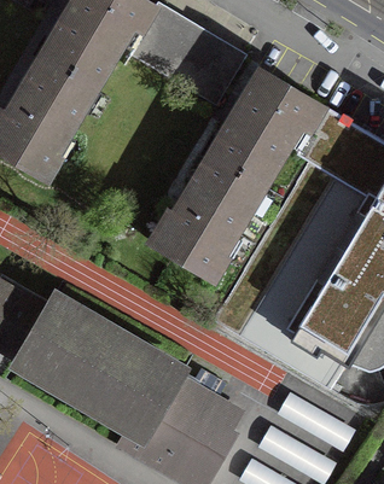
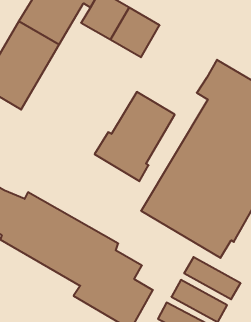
building: [211,68,326,186] -> none

